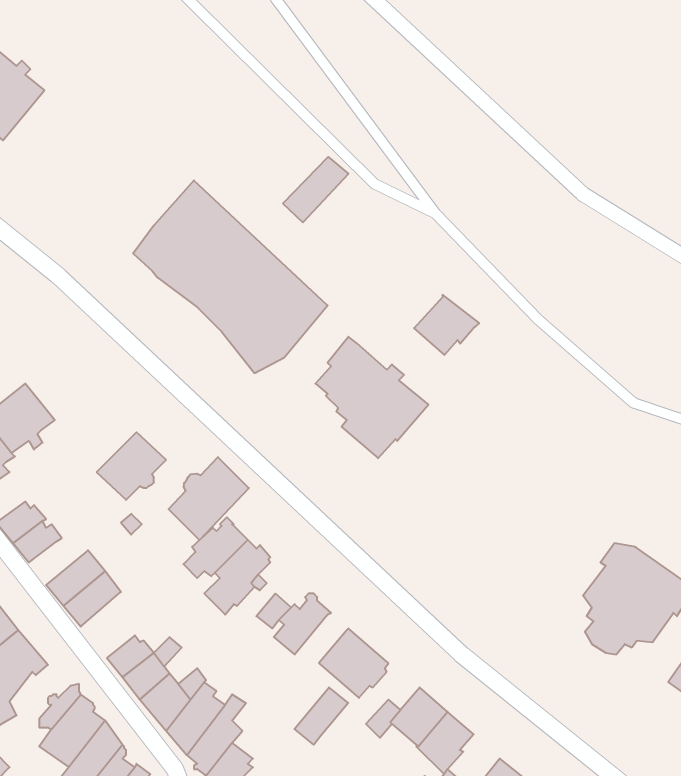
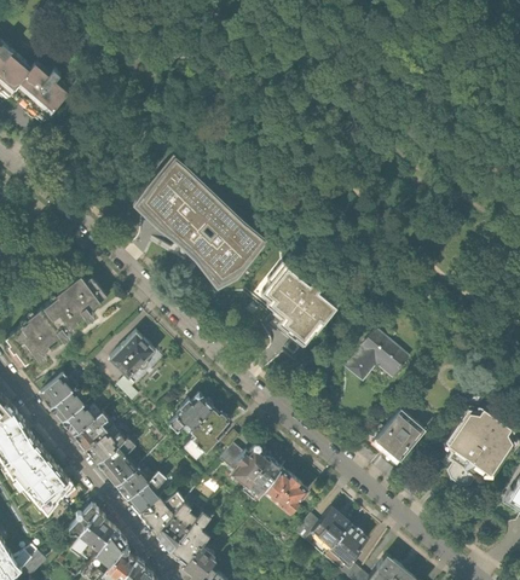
building: [283,157,348,222] -> none
building: [414,295,479,355] -> none
building: none -> [56,274,108,319]
building: none -> [346,330,408,378]
building: [169,457,249,540] -> none
building: none -> [60,404,100,435]
building: none -> [372,416,420,463]
building: none -> [97,436,135,486]
building: [294,687,348,745] -> [244,456,282,495]

